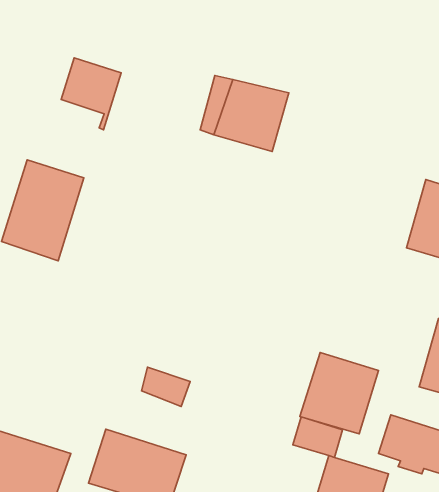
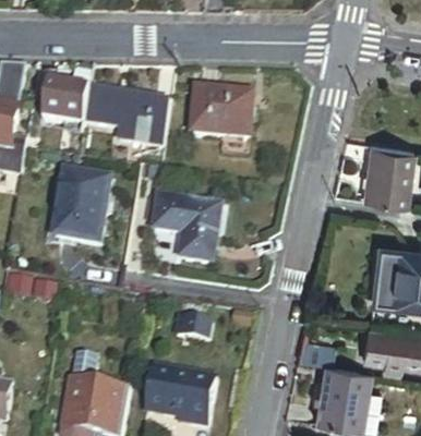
building: none -> [44,81,88,133]
building: none -> [118,94,169,145]
building: none -> [153,194,219,264]
building: [300,352,379,434] -> none

